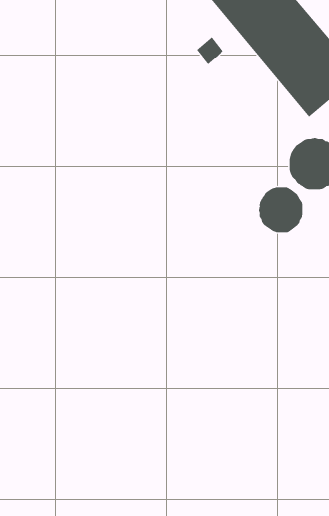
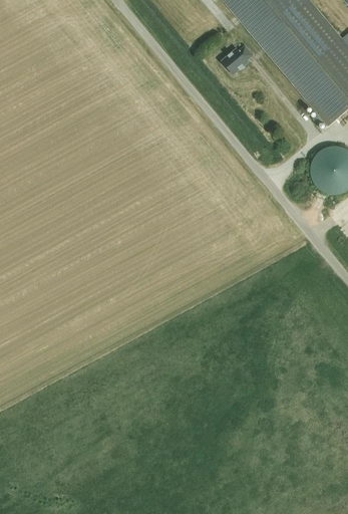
building: [258,186,303,233] -> none

